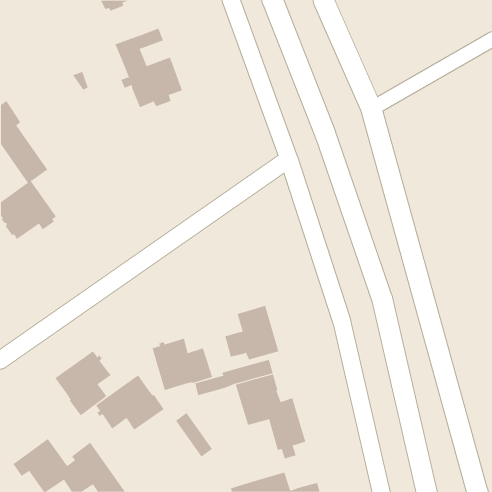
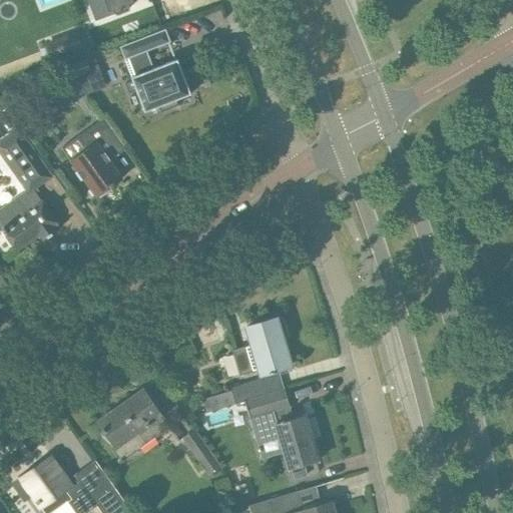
building: none -> [71,117,126,196]
building: [152,338,213,391] -> none
building: [55,351,111,416] -> none

